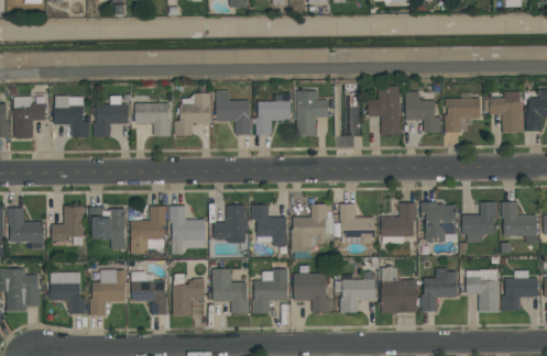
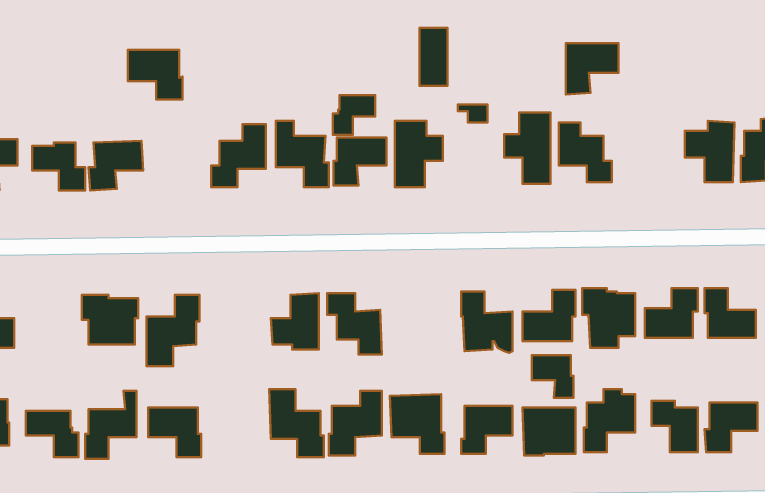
building: none -> [333,95,375,135]
building: [340,96,359,134] -> [419,28,448,86]
building: [445,98,480,132] -> [566,43,619,94]
building: [134,102,171,135] -> [128,50,183,100]
building: [291,203,332,251] -> none
building: [52,205,84,241] -> none
building: [169,205,206,254] -> none
building: none -> [532,355,573,398]
building: [172,278,205,313] -> none

